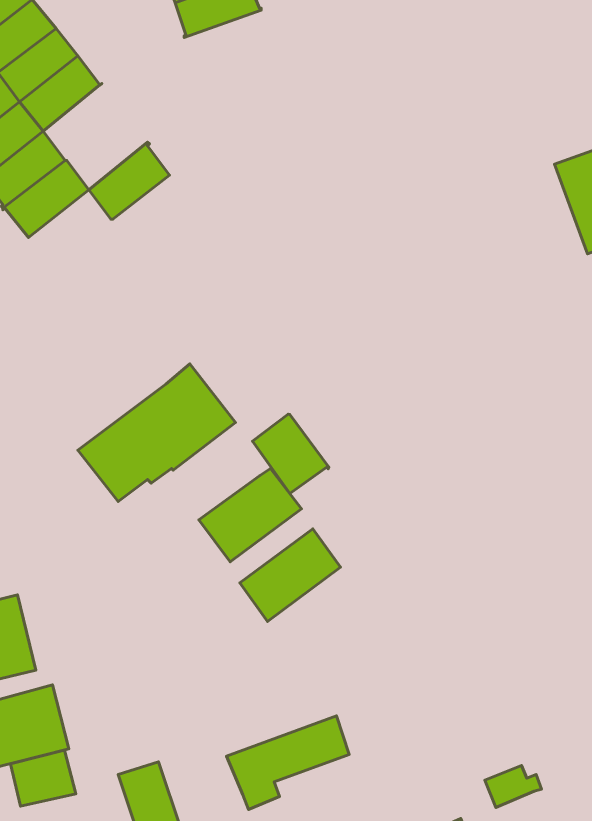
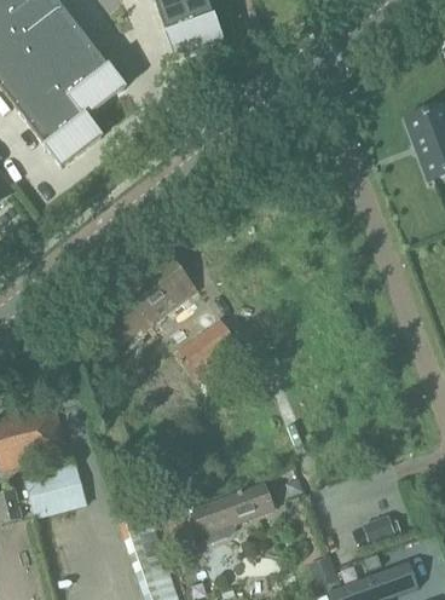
building: none -> [164,17,222,58]
building: [89,142,170,219] -> [71,65,125,116]
building: [253,414,329,494] -> none
building: [240,529,340,621] -> none
building: [11,750,76,806] -> none

